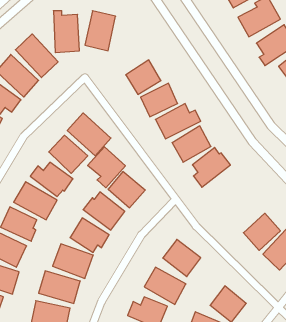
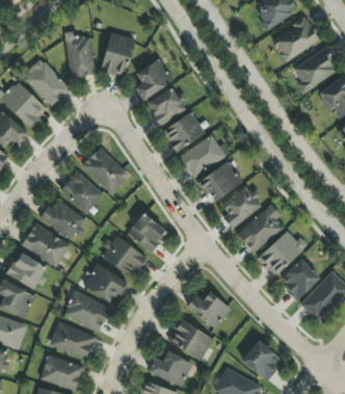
building: none -> [135,59,174,100]
building: [88,147,125,188] -> none
building: none -> [236,204,284,254]
building: none -> [257,229,306,278]

